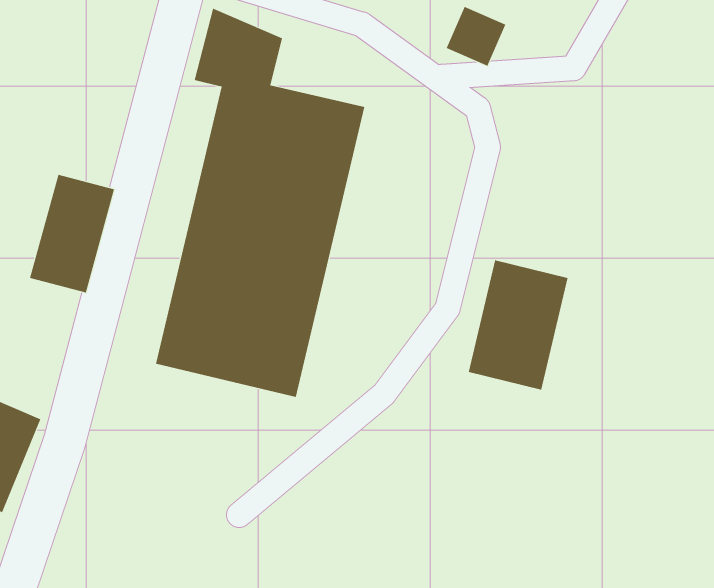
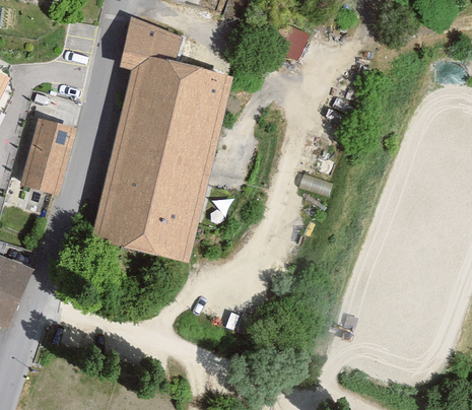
building: [468,259,568,391] -> none

